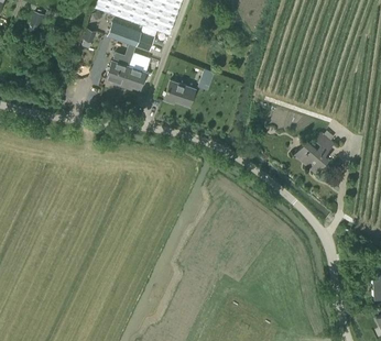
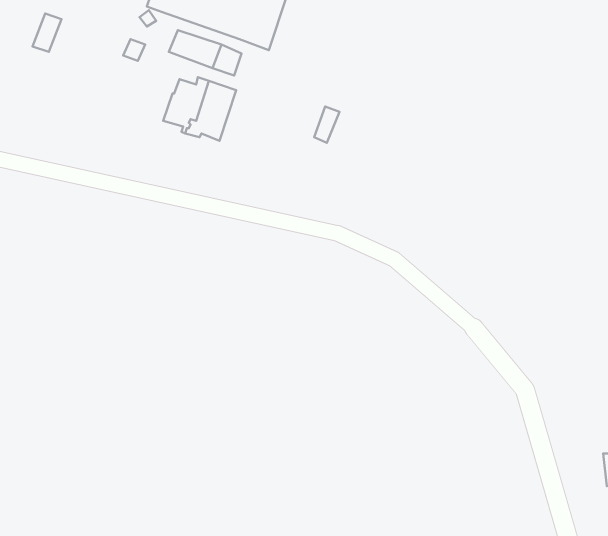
building: [164,81,195,106] -> none
building: [294,134,333,173] -> none

